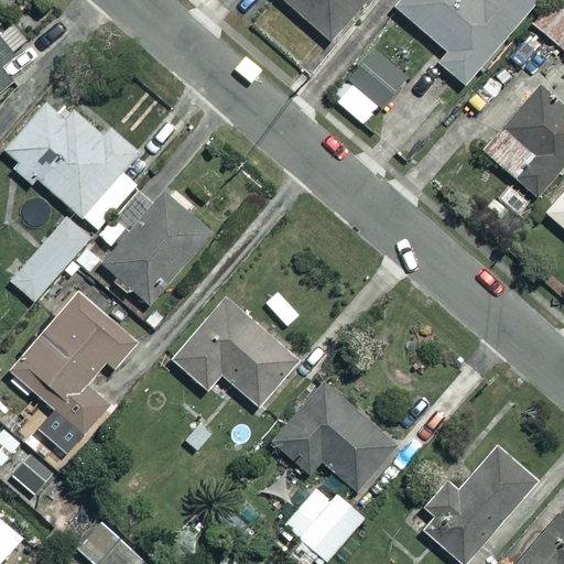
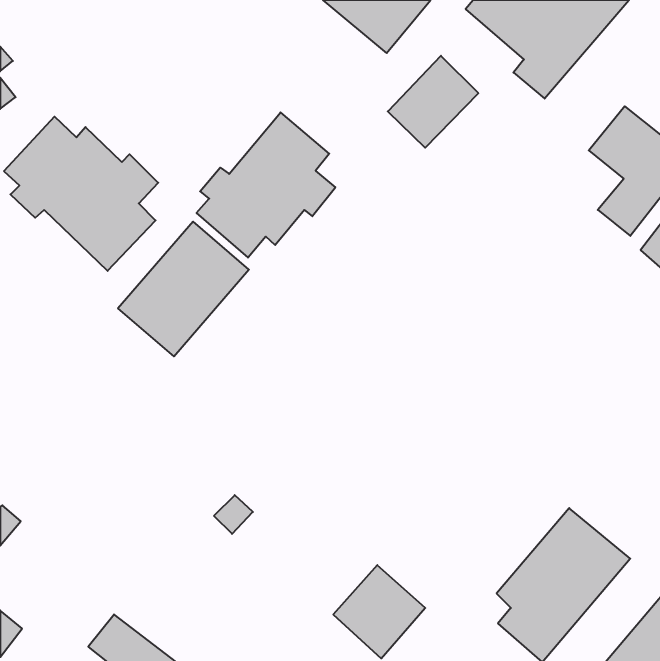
building: none -> [197,112,335,258]
building: [12,217,90,302] -> none
building: [11,293,137,436] -> none
building: [172,297,297,405] -> none
building: [272,380,398,489] -> none

